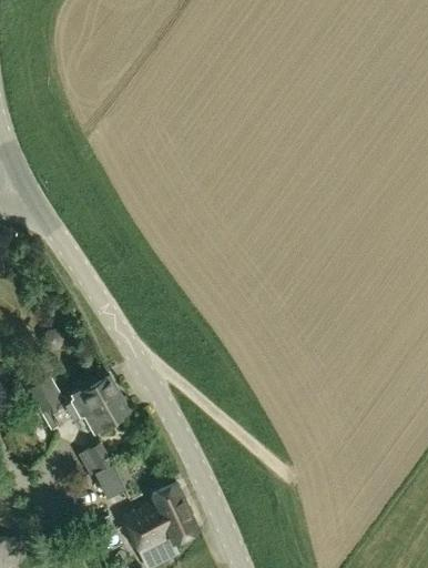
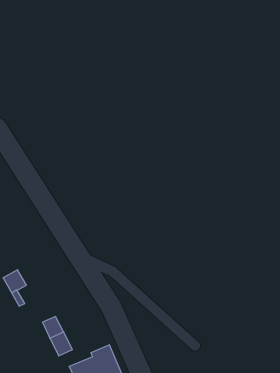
building: [64,378,130,432] -> none

